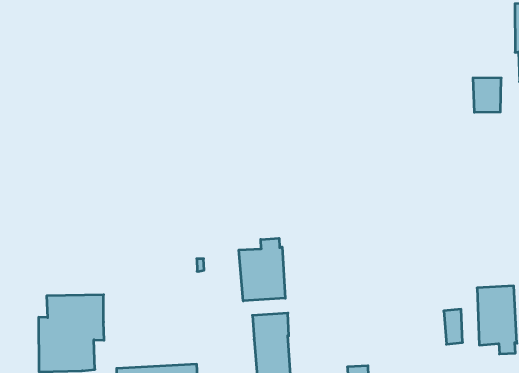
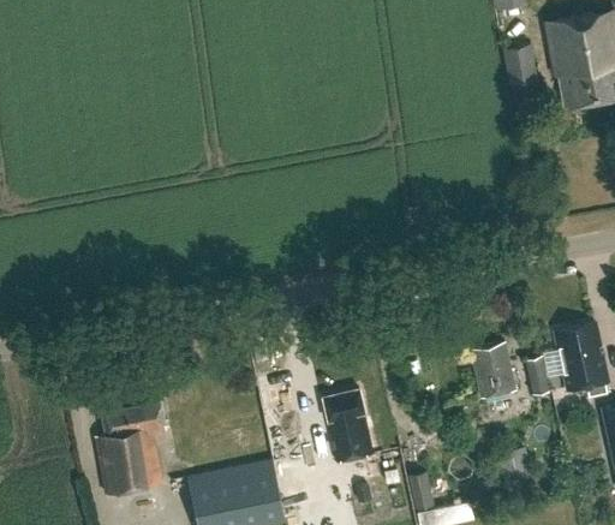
building: [473,78,501,112] -> [501,44,536,85]
building: [239,238,285,301] -> none
building: none -> [470,344,514,398]

